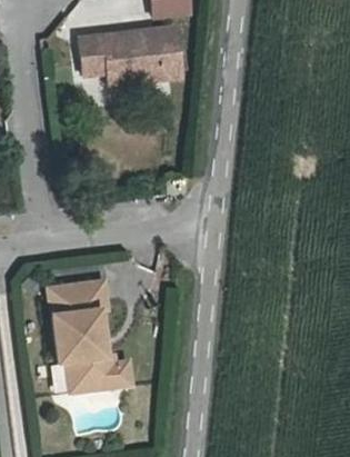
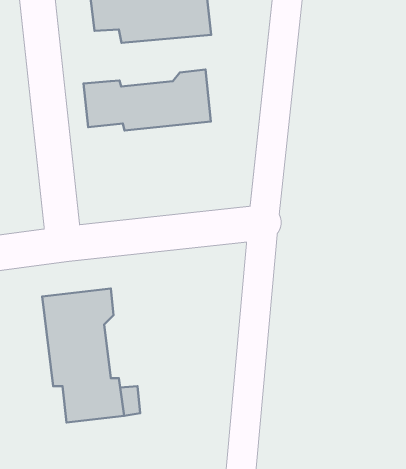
building: none -> [83,70,211,130]

